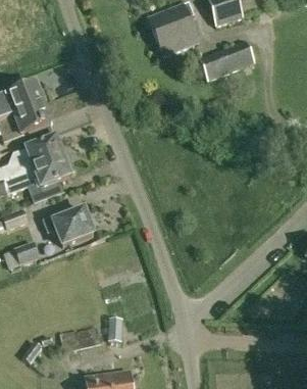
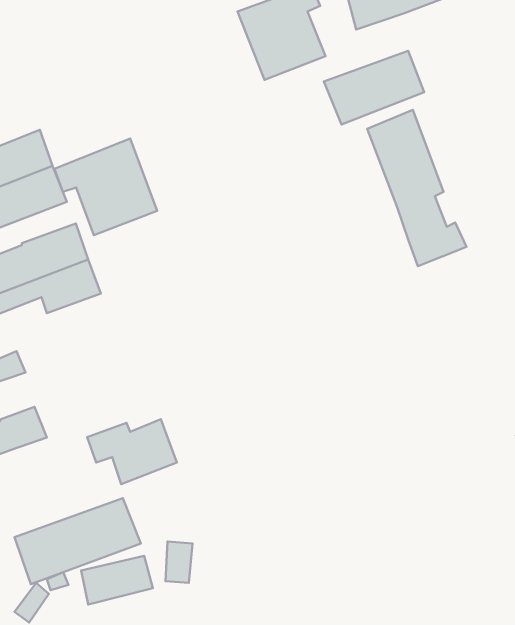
building: none -> [367,110,467,266]
building: none -> [55,138,157,235]
building: [42,208,93,245] -> [87,419,177,484]
building: none -> [14,498,141,584]

